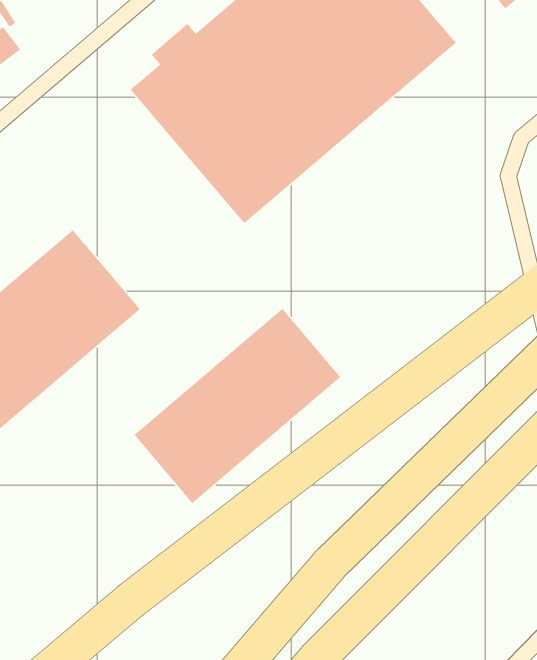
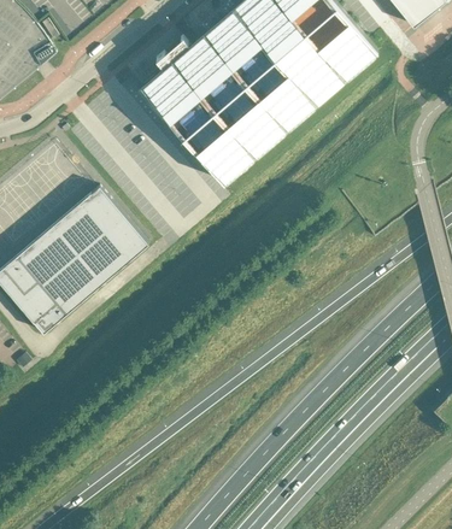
building: [133,308,341,504] -> none

